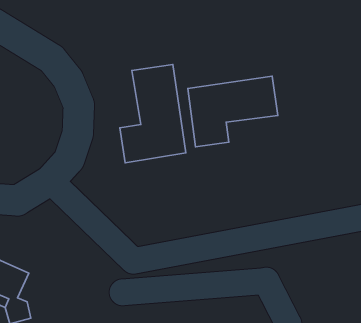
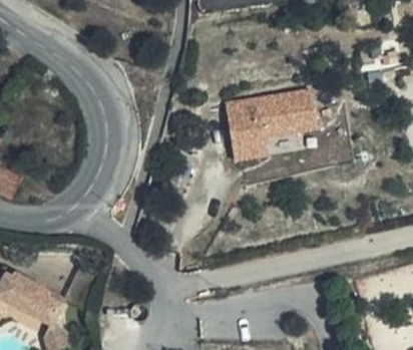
building: [120,65,186,163] -> none

